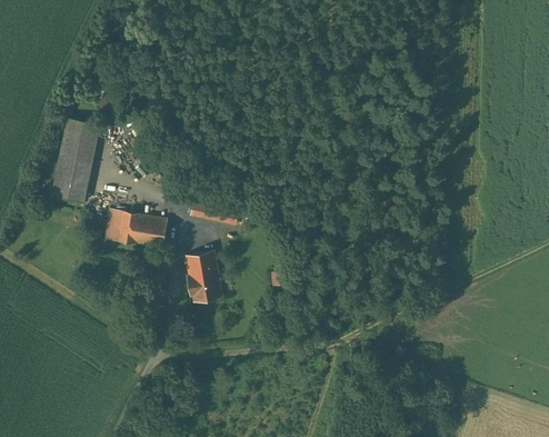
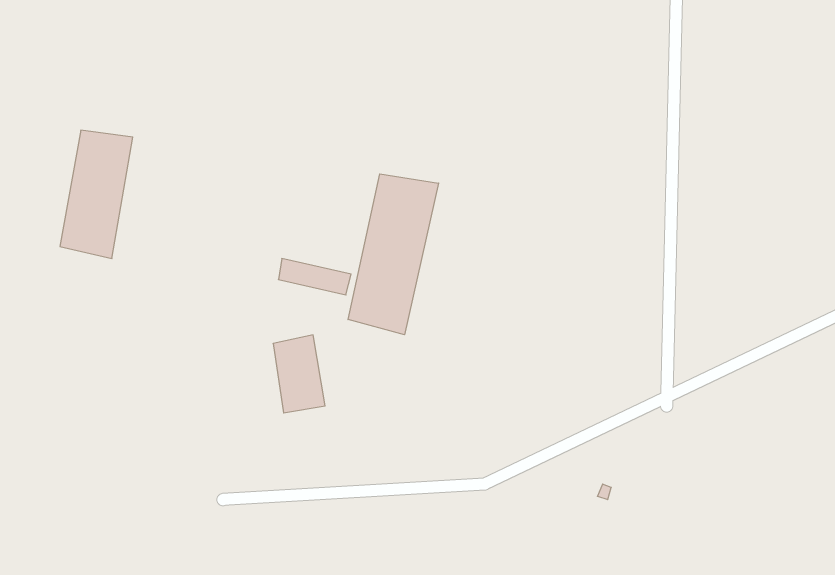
building: none -> [348,174,439,335]
building: [106,208,168,247] -> none

